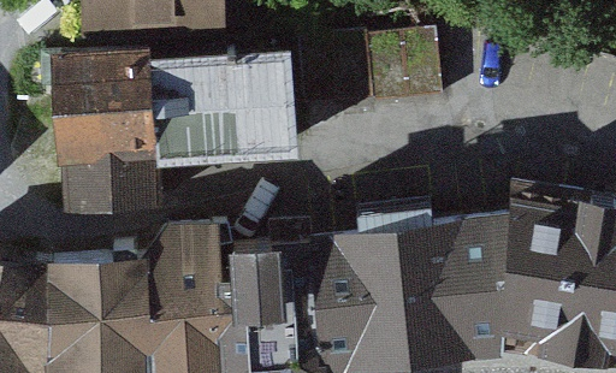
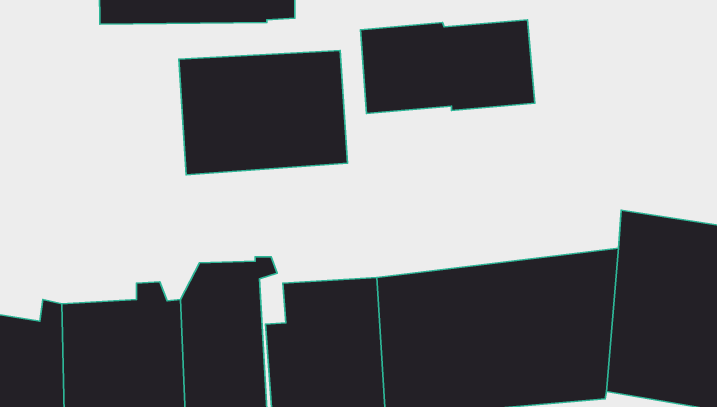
building: [43,48,156,212] -> none

